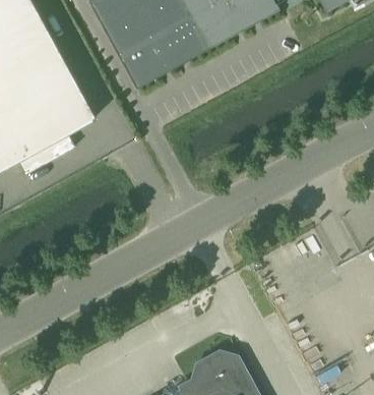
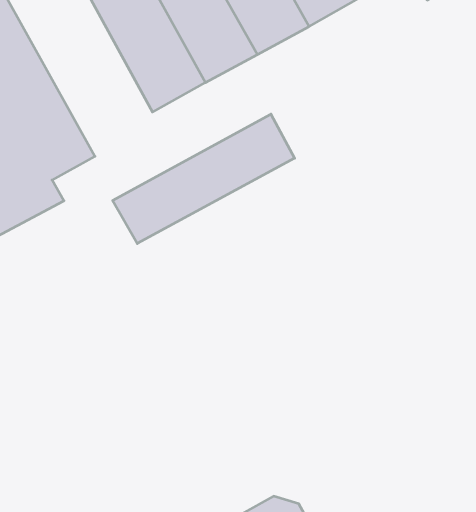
building: none -> [113,114,295,244]

